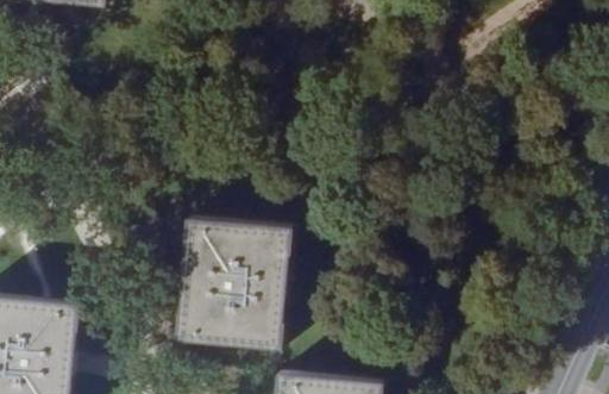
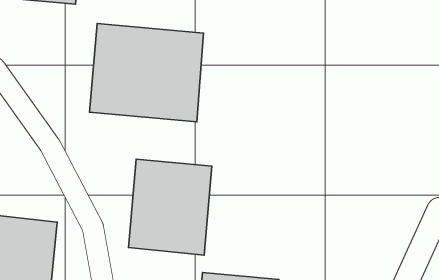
building: none -> [90,24,203,122]

